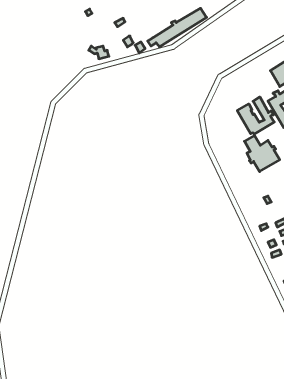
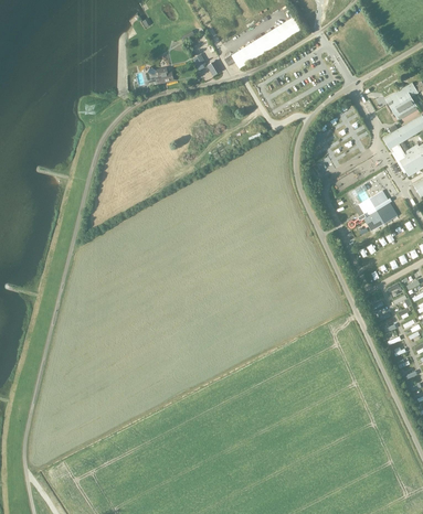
building: [237,97,274,134] -> none

